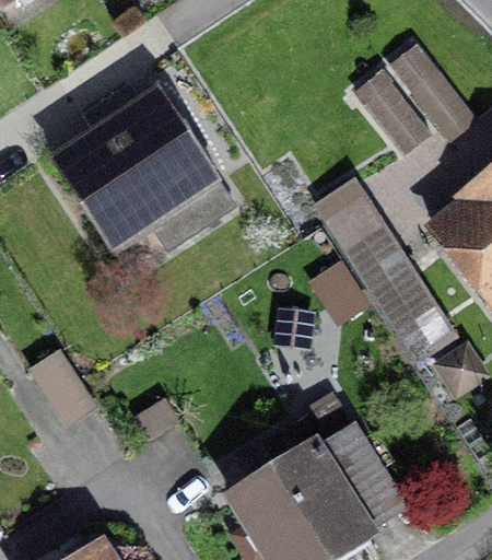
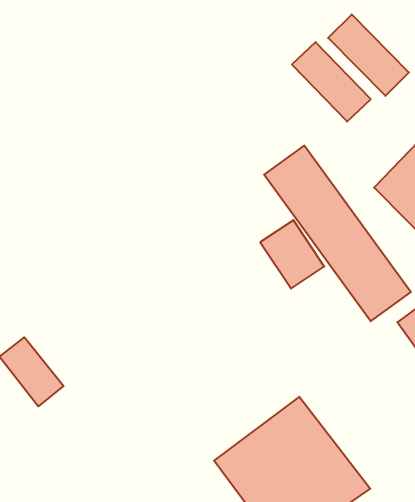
building: [54,93,234,259] -> none

